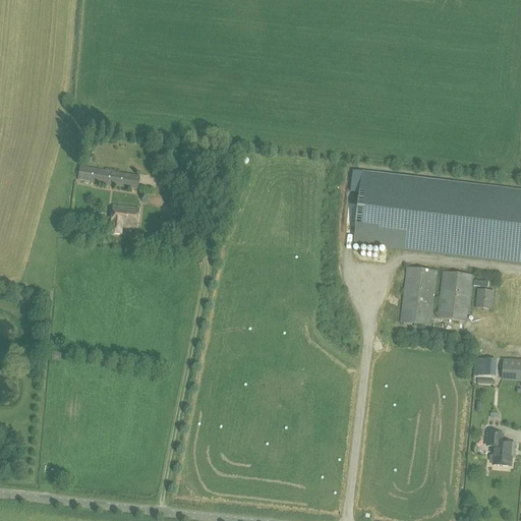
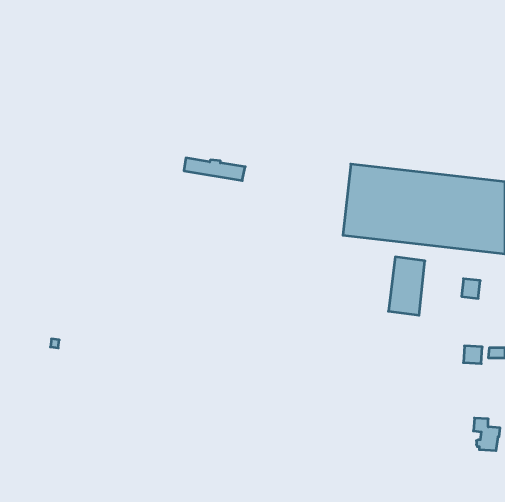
building: [77,164,140,187] -> [184,158,245,181]
building: [110,202,138,231] -> none
building: [438,269,474,320] -> none

